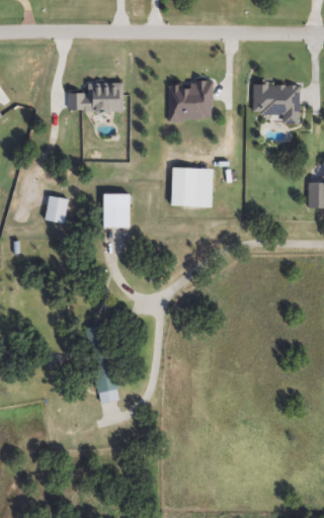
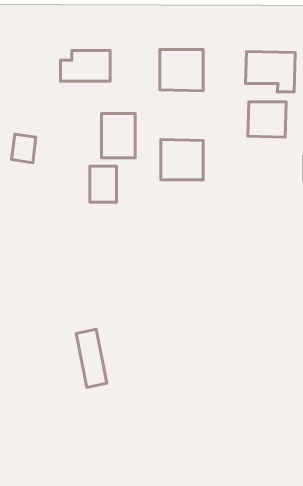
building: none -> [248,102,286,137]
building: none -> [101,113,135,158]
building: [45,196,68,224] -> [12,134,36,163]

